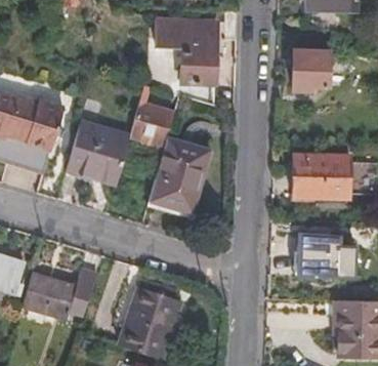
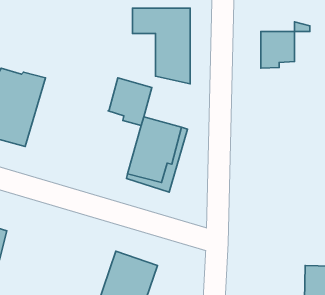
building: [68,119,131,181] -> none
building: [296,154,353,199] -> none
building: [295,235,353,277] -> none
building: [22,267,99,319] -> none

